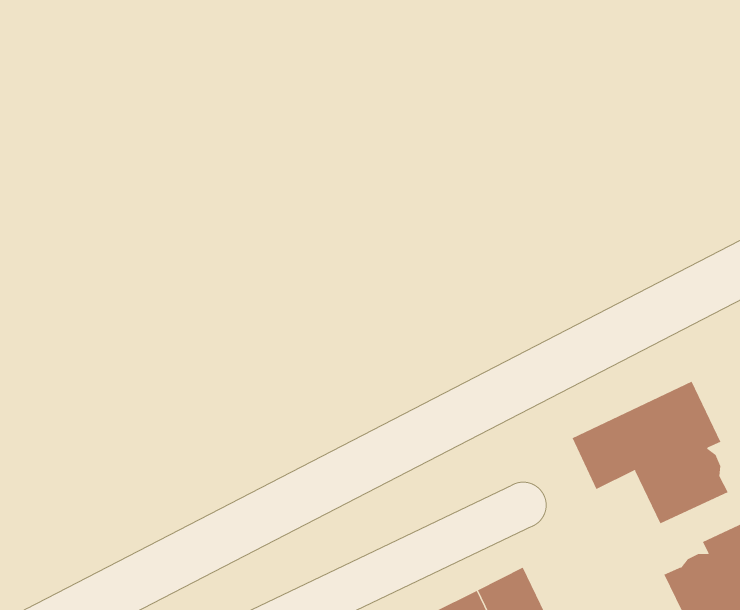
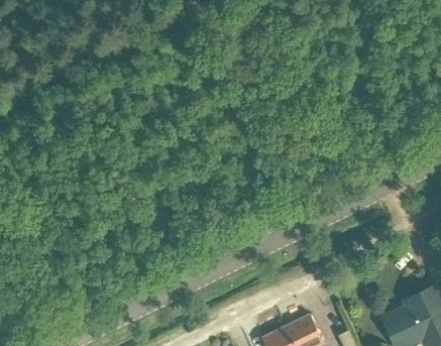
building: [572,381,729,524] -> none

